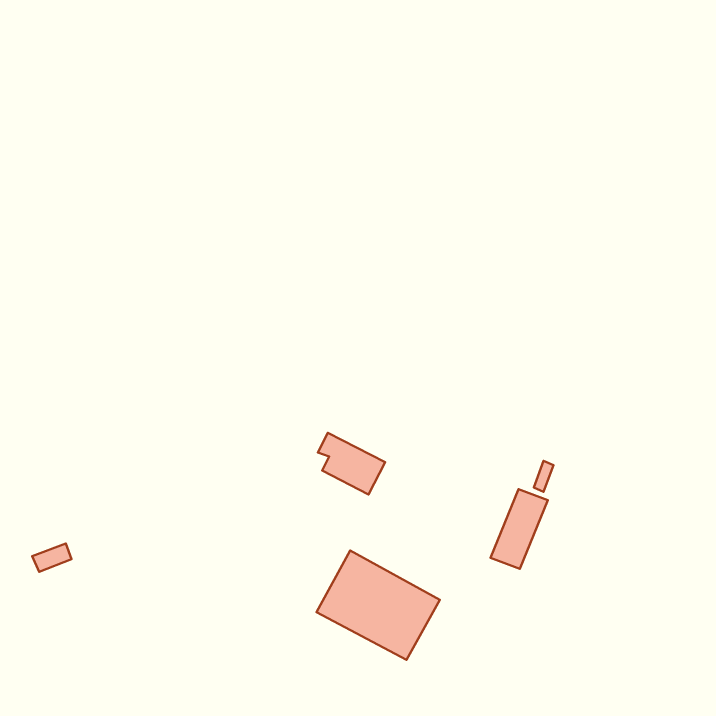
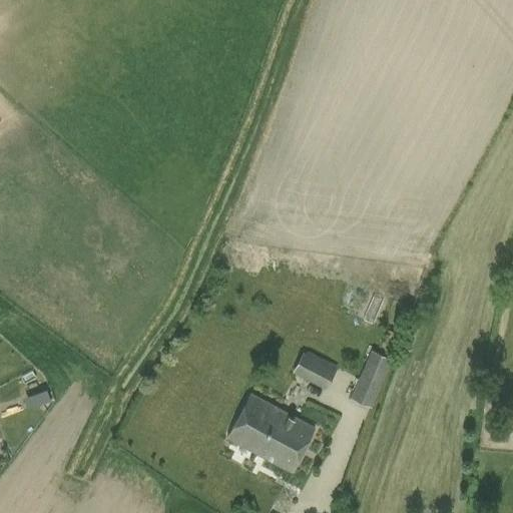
building: [318,433,385,494] -> [290,345,338,389]

